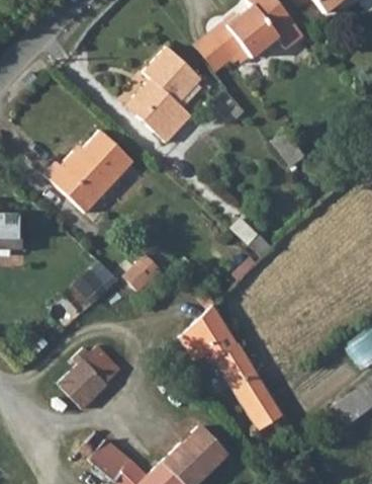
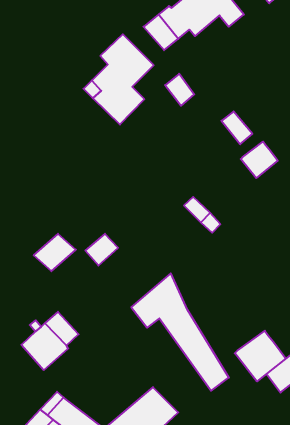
building: [42,132,133,216] -> none
building: none -> [241,142,278,178]
building: none -> [235,331,286,381]

